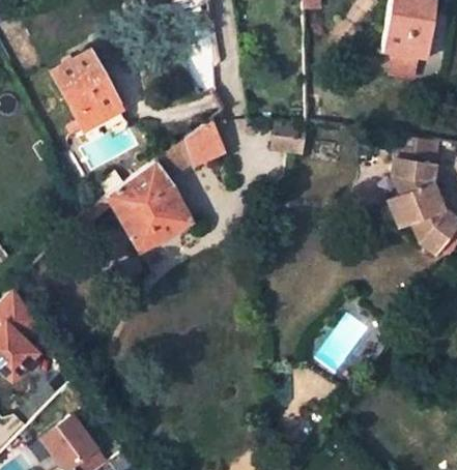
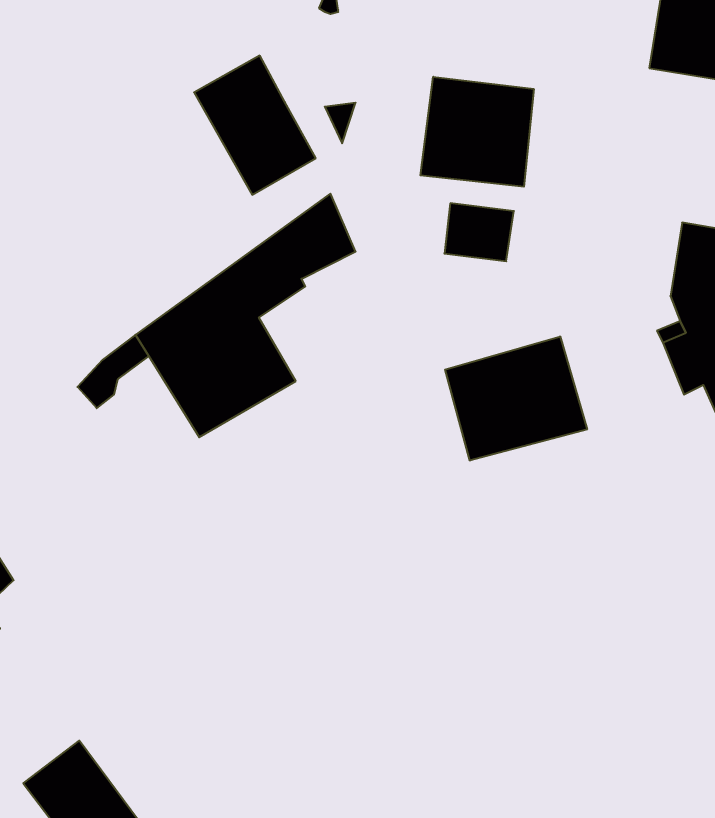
building: [54,53,119,127] -> [194,56,316,195]
building: none -> [420,77,534,187]
building: none -> [445,336,587,461]

